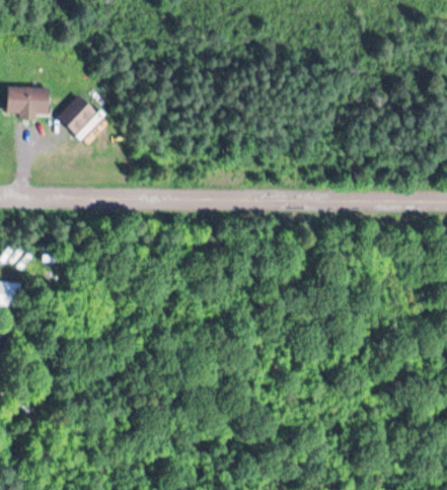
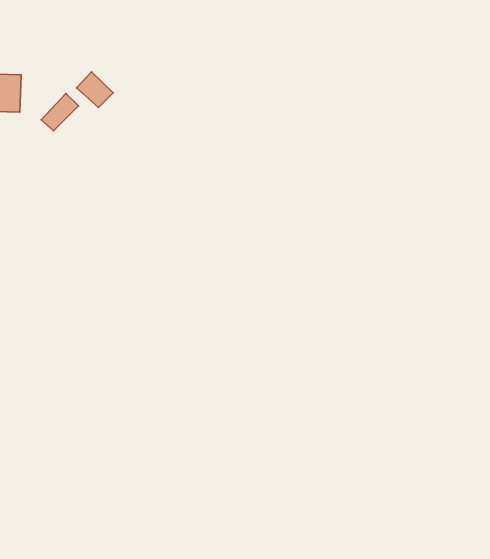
building: none -> [77,72,113,107]

